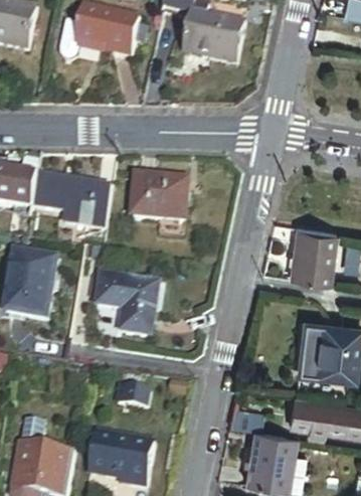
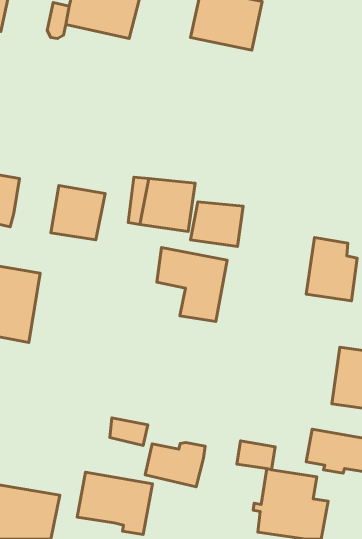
building: [31,174,70,221] -> none
building: none -> [190,202,243,247]
building: [96,273,157,337] -> [157,248,227,322]
building: none -> [145,442,205,487]

